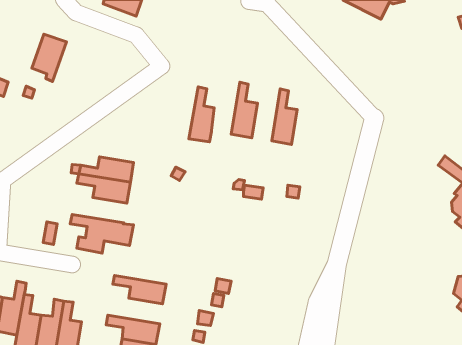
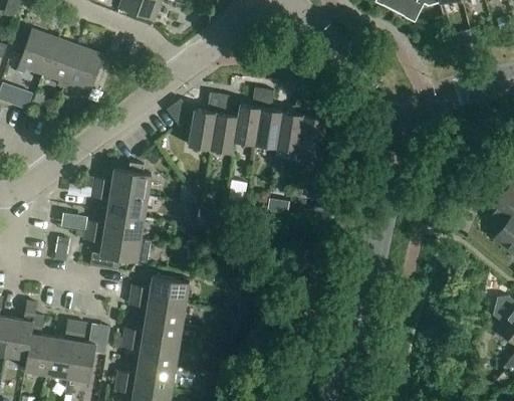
building: none -> [16,29,55,74]
building: none -> [64,46,111,96]
building: none -> [234,88,264,145]
building: none -> [188,93,220,150]
building: none -> [277,95,307,152]
building: none -> [85,212,144,239]
building: none -> [131,276,189,305]
building: none -> [123,320,182,347]

